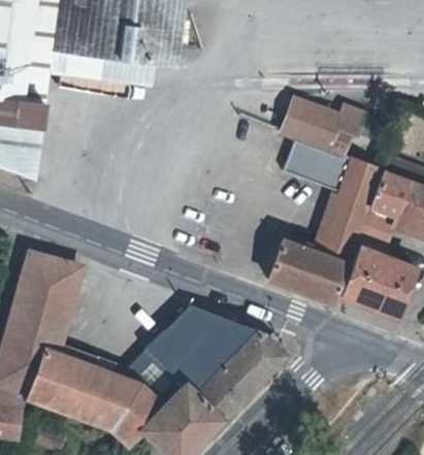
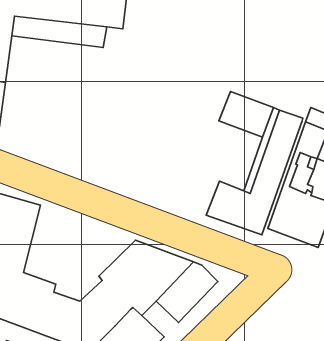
building: [283,98,352,154] -> none
building: [195,378,237,419] -> none

